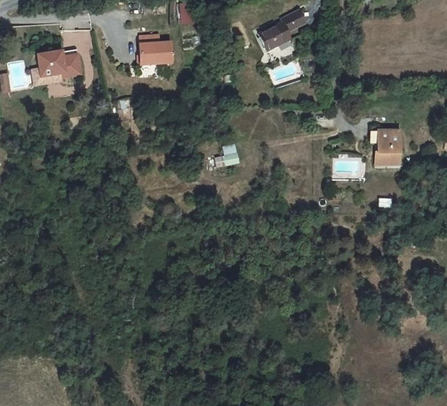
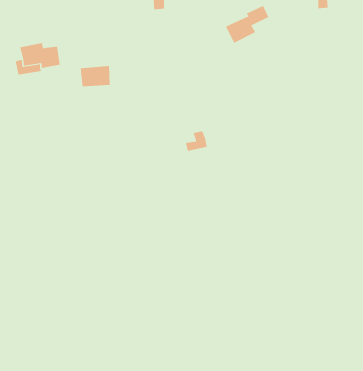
building: [140,40,173,63] -> [80,65,111,87]
building: [377,129,401,162] -> none

